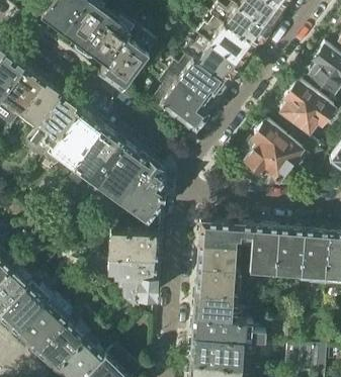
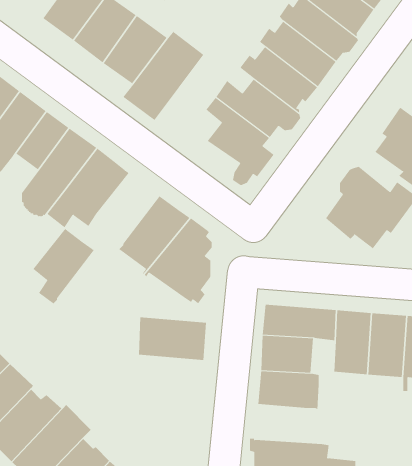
building: [80,129,124,184] -> [33,228,94,304]
building: [108,260,157,304] -> none
building: [193,295,246,323] -> none

